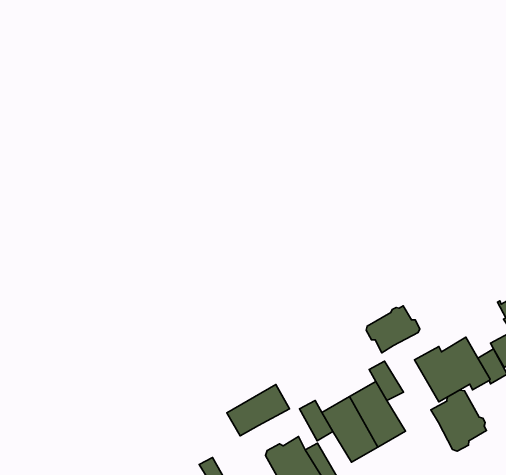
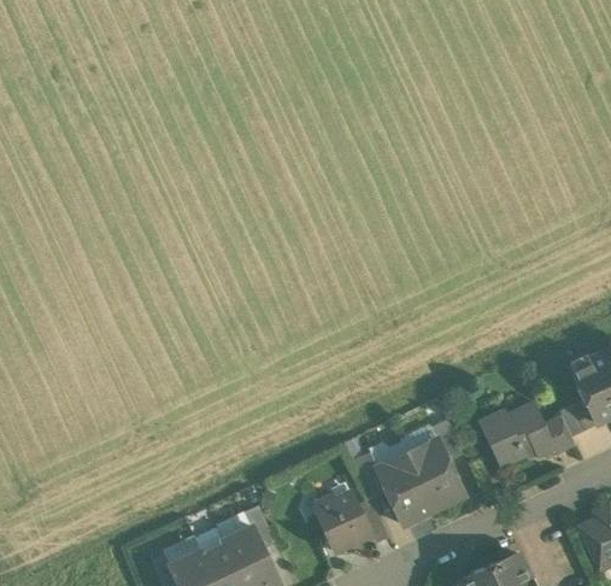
building: [366,306,420,353] -> none
building: [227,385,289,436] -> none
building: [431,390,486,451] -> none

